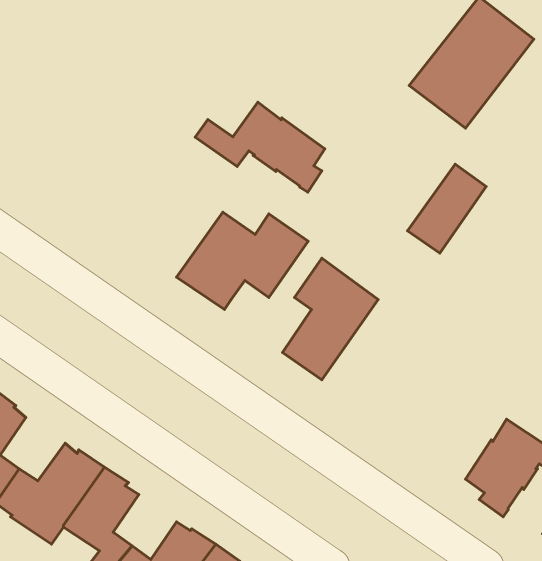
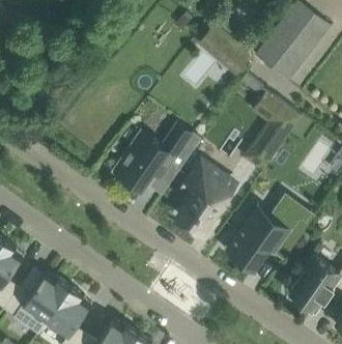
building: [195,102,325,192] -> none
building: none -> [226,201,315,268]

